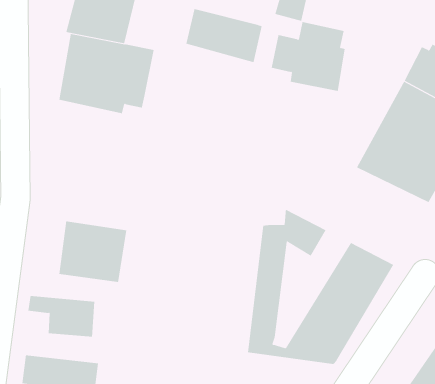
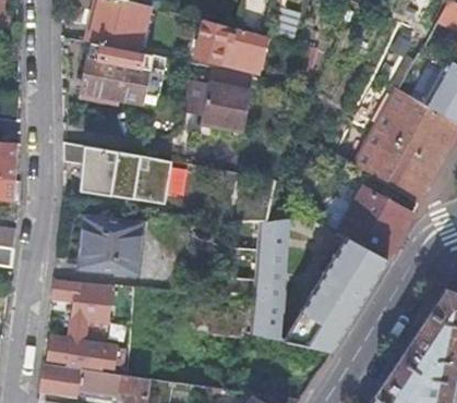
building: [271,21,346,91] -> [182,68,251,132]
building: none -> [68,142,176,203]
building: none -> [326,176,412,256]

